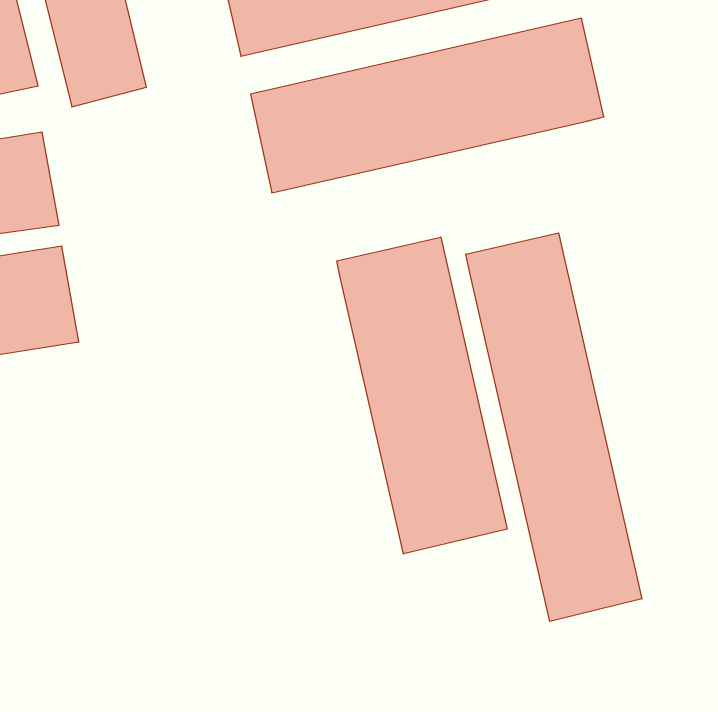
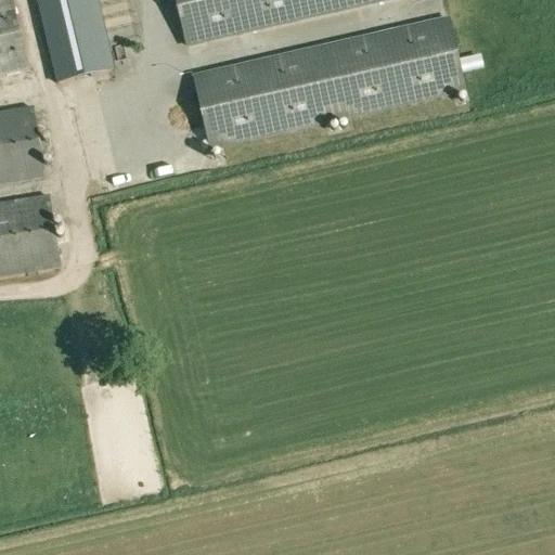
building: [466,233,642,621] -> none
building: [337,237,507,554] -> none

